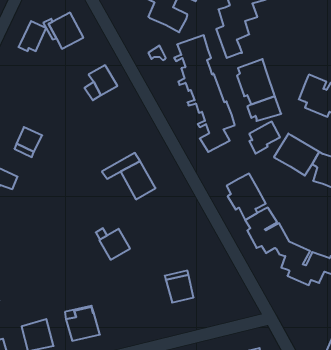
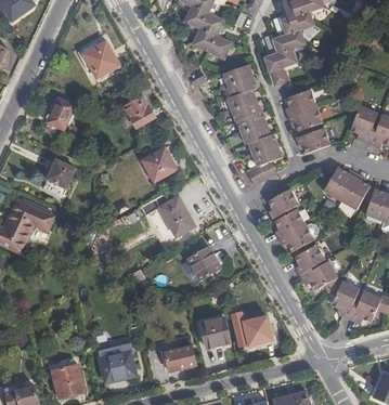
building: [18,21,46,51] -> [48,96,77,128]
building: none -> [142,147,178,181]
building: [249,122,280,154] -> [264,188,297,222]
building: [99,229,130,260] -> [187,244,220,276]
building: none -> [249,315,278,343]
building: none -> [167,344,197,367]

